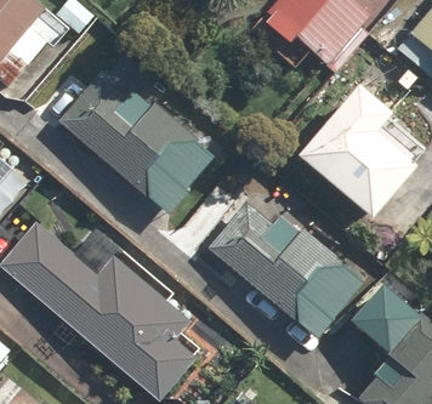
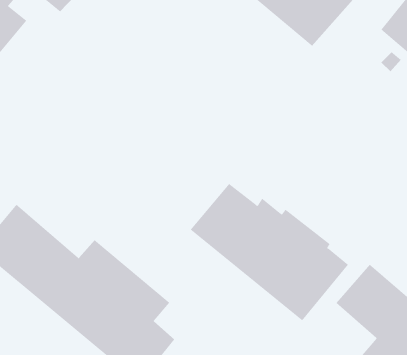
building: [57,75,215,214] -> none
building: [296,84,416,220] -> none

